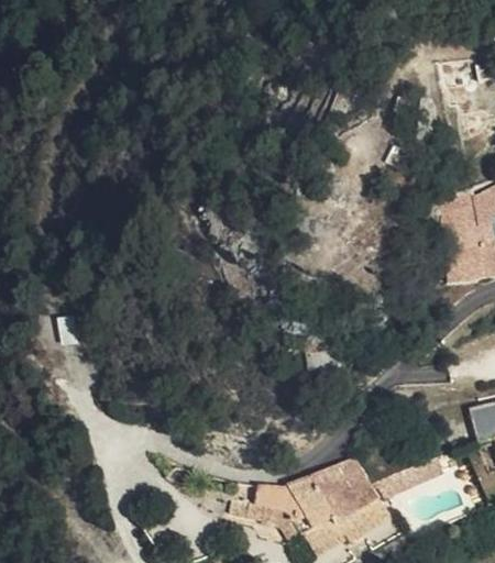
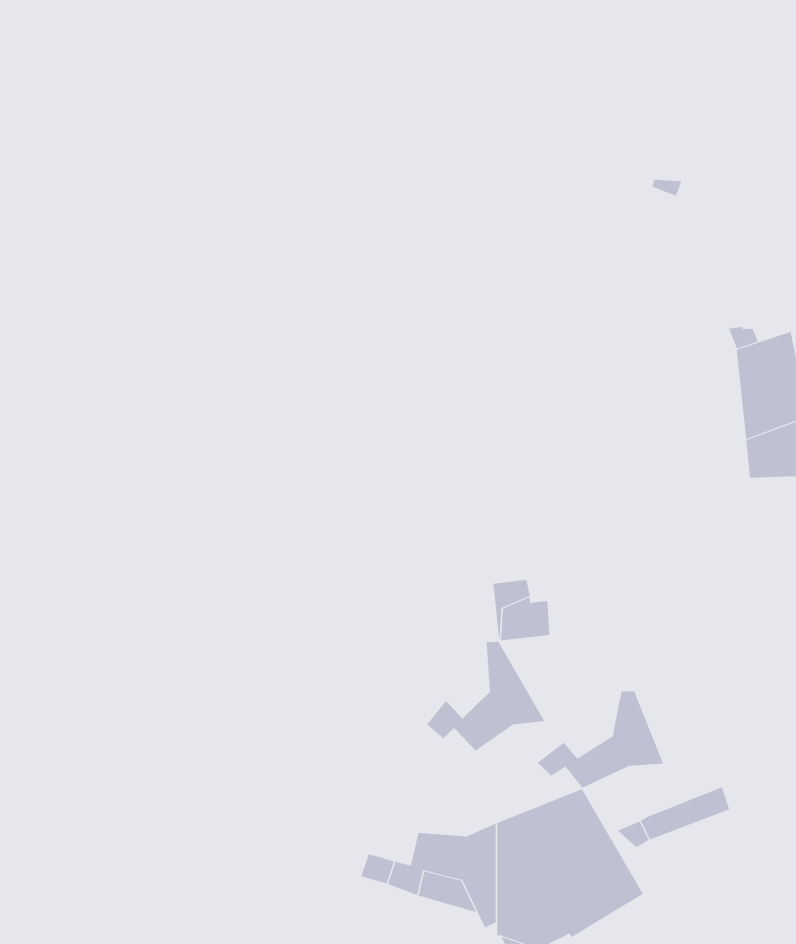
building: none -> [426,641,545,751]
building: none -> [537,691,664,788]

